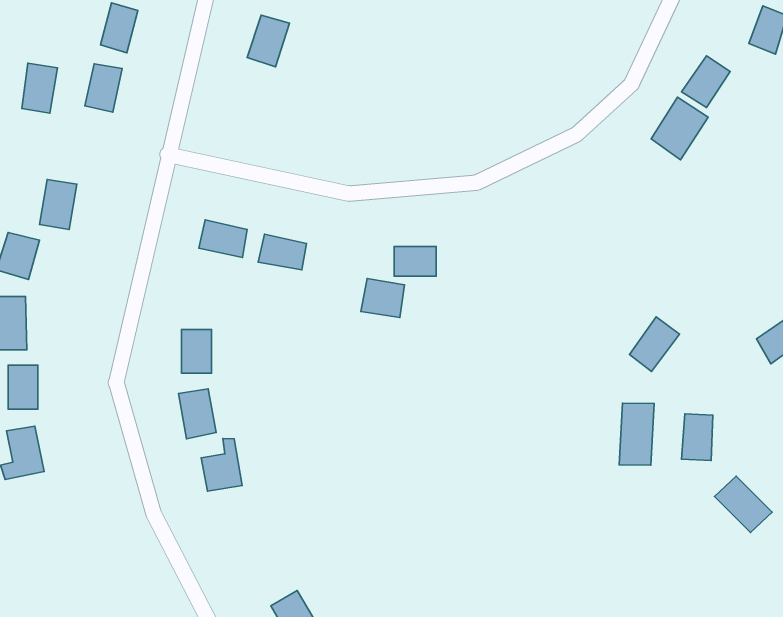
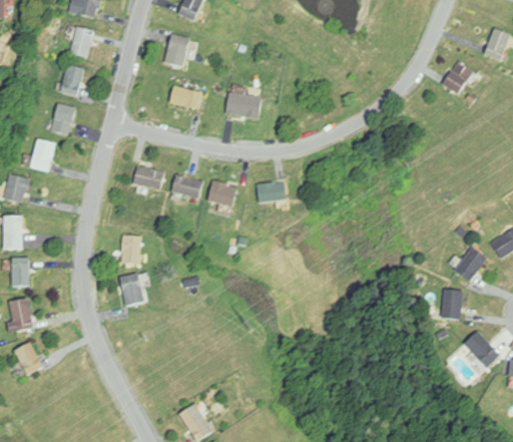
building: [22,63,58,113] -> [51,103,74,135]
building: none -> [169,85,202,110]
building: [651,97,708,160] -> none
building: none -> [224,91,262,118]
building: [361,279,405,318] -> [207,180,235,205]
building: [629,317,679,372] -> [454,247,486,282]
building: [619,403,654,465] -> none
building: [201,439,242,491] -> none
building: none -> [13,342,42,376]

